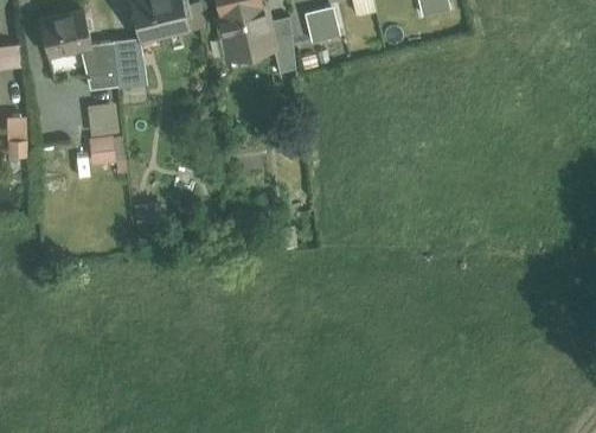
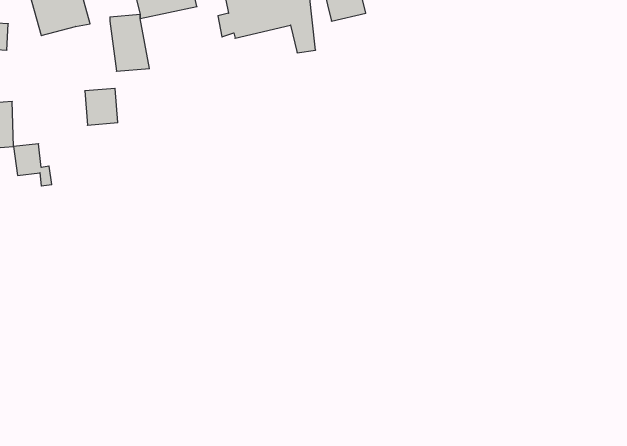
building: [79,43,116,90] -> none
building: [90,139,124,177] -> [14,144,52,186]

